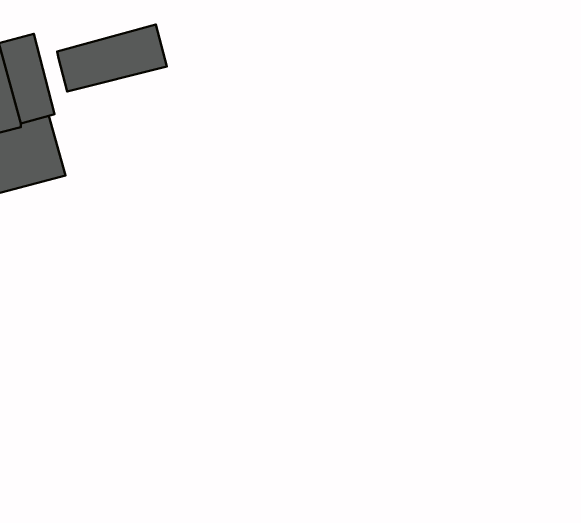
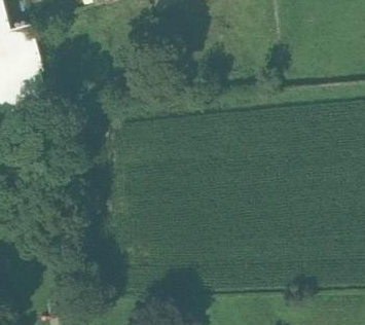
building: [57,25,167,91] -> none

